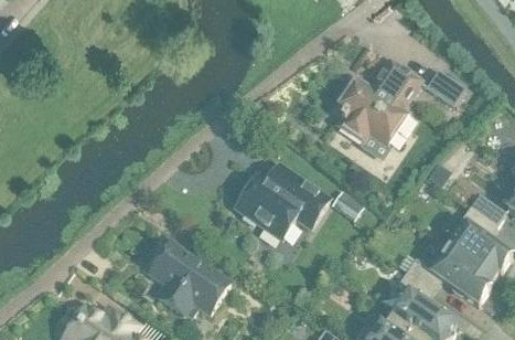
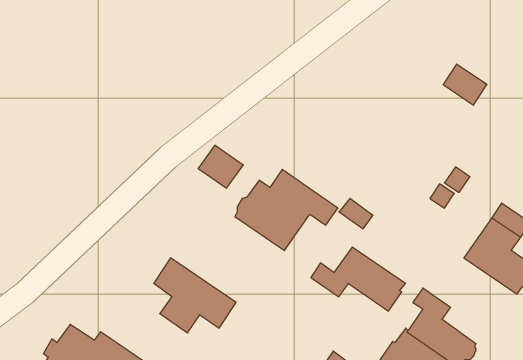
building: [326,71,415,156] -> none
building: none -> [198,145,243,188]
building: [406,245,492,304] -> [311,247,405,311]

